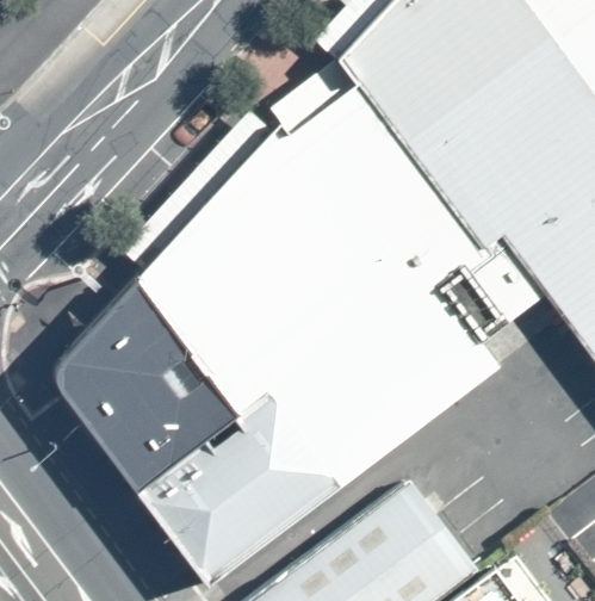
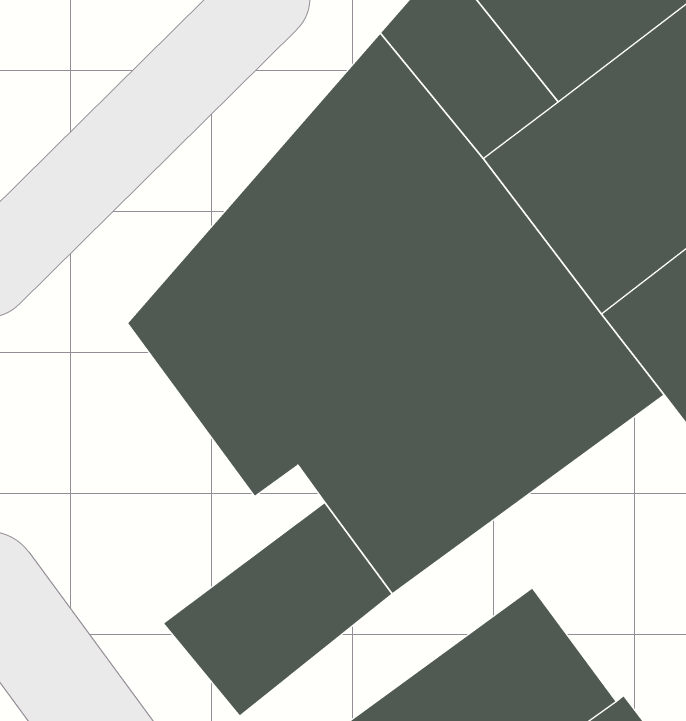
building: [51,266,272,506] -> none

